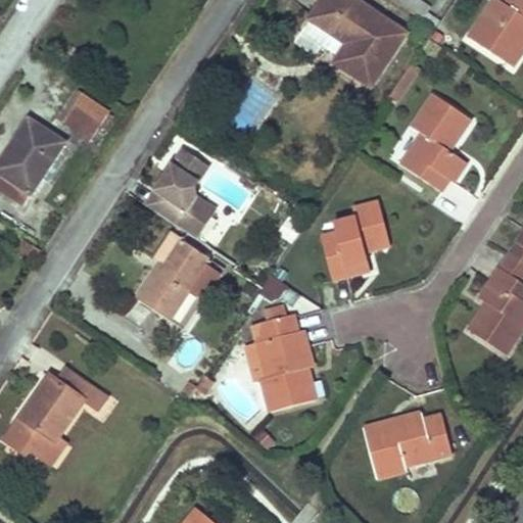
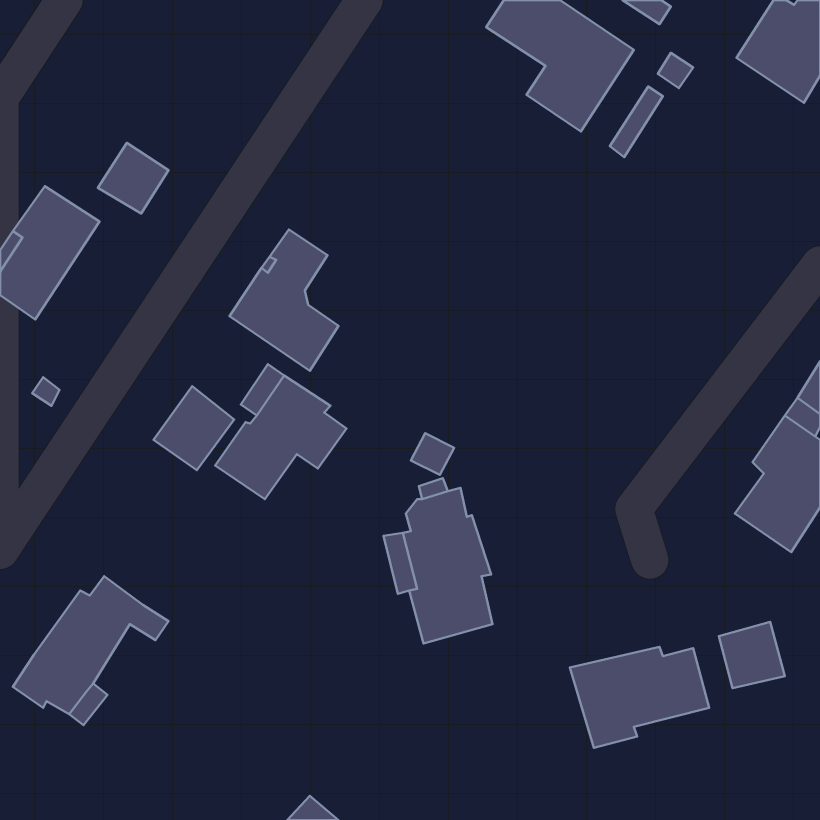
building: [401,94,470,192] -> none
building: [320,201,389,279] -> none
building: none -> [154,386,234,470]
building: none -> [719,622,785,688]

